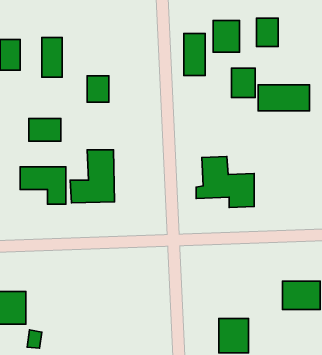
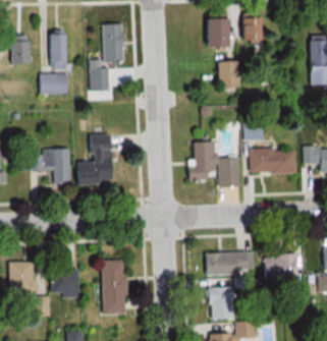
building: [184,34,205,76] -> [104,24,123,62]
building: [258,85,309,111] -> [251,150,296,173]
building: [29,119,61,141] -> [40,74,68,95]
building: none -> [206,251,256,275]
building: none -> [102,261,125,315]
building: none -> [53,265,79,294]

